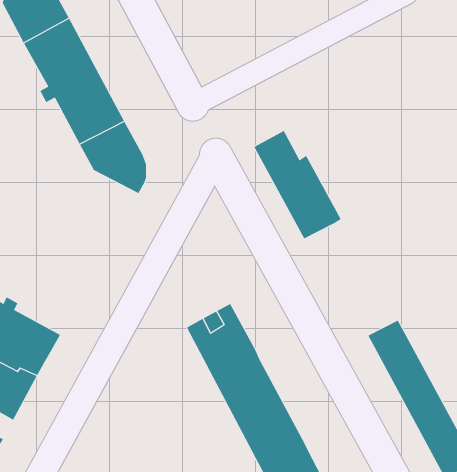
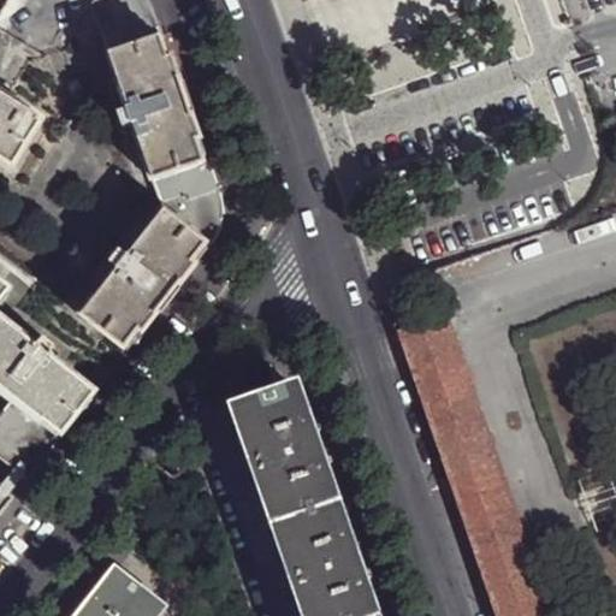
building: [254,130,341,239] -> [399,318,485,444]
building: none -> [79,208,208,348]

